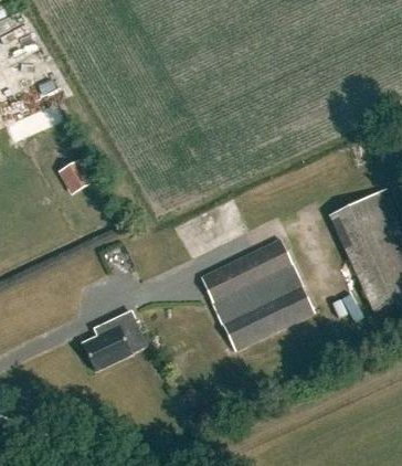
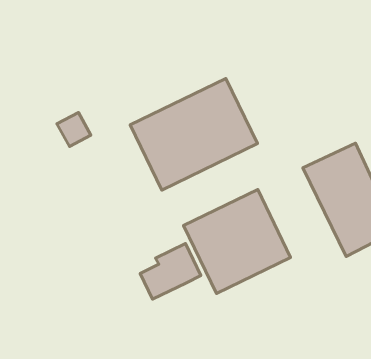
building: none -> [130,78,258,190]
building: [81,313,146,372] -> [140,244,201,299]

